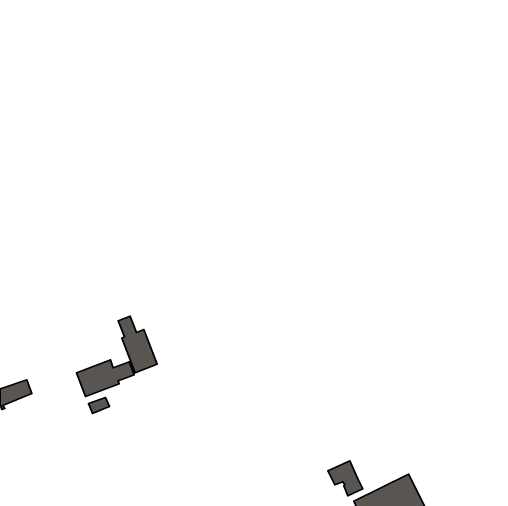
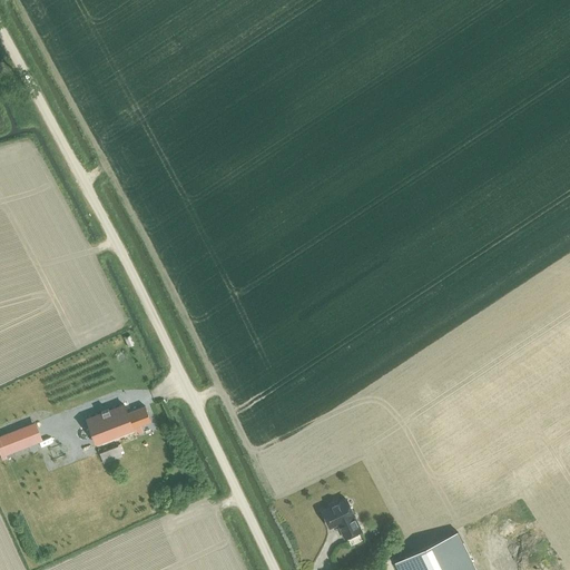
building: [118,316,157,373] -> none
building: [328,461,363,496] -> [322,501,361,540]

